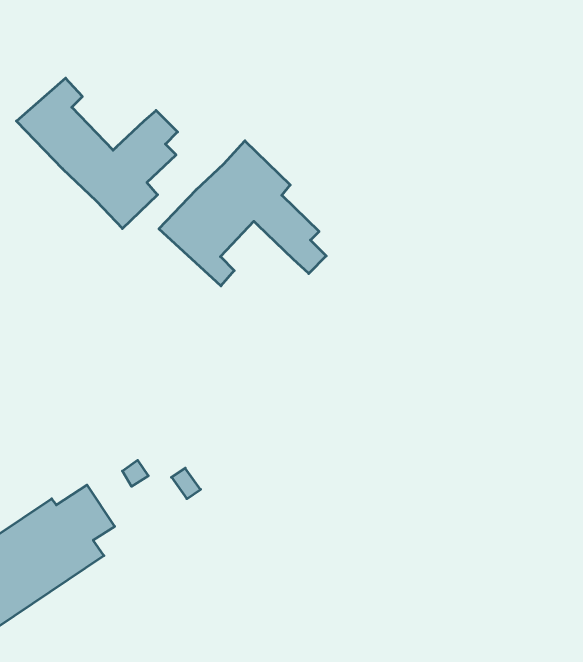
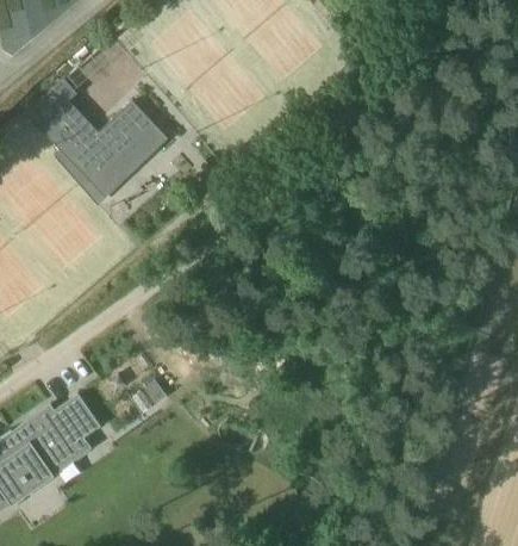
building: [159,141,326,286] -> none

